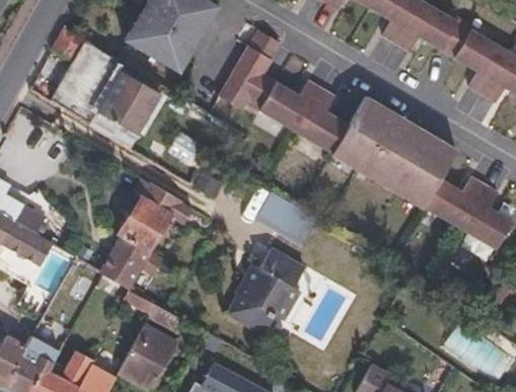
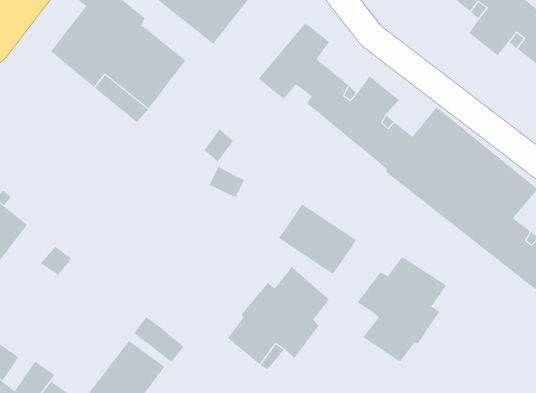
building: [104,175,191,284] -> none
building: none -> [357,256,447,363]

